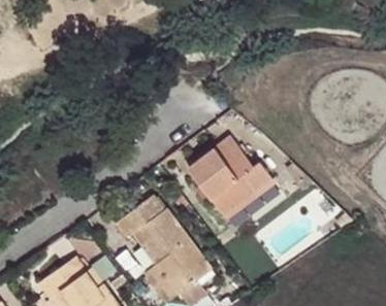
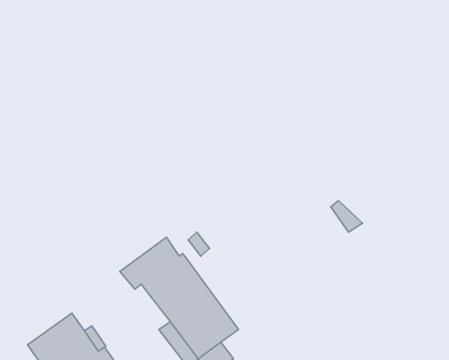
building: [187,136,272,216] -> none

